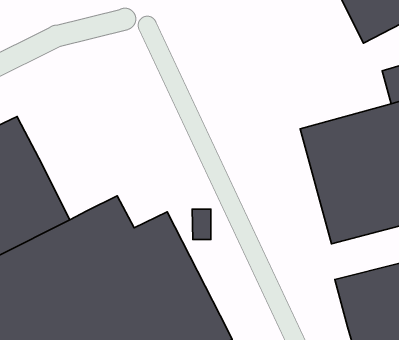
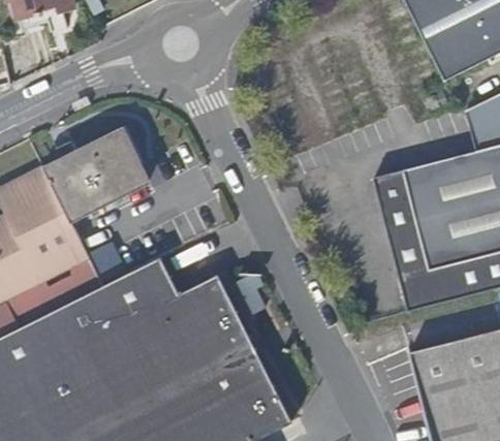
building: none -> [43,127,150,221]

